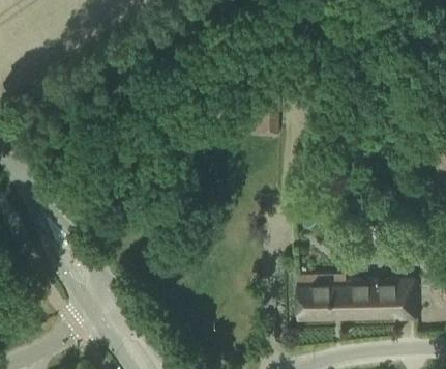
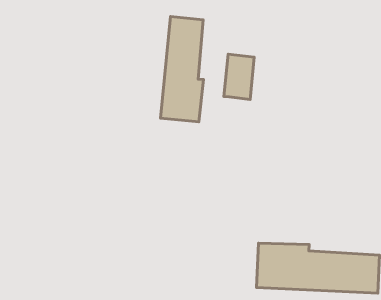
building: none -> [160,17,204,122]

